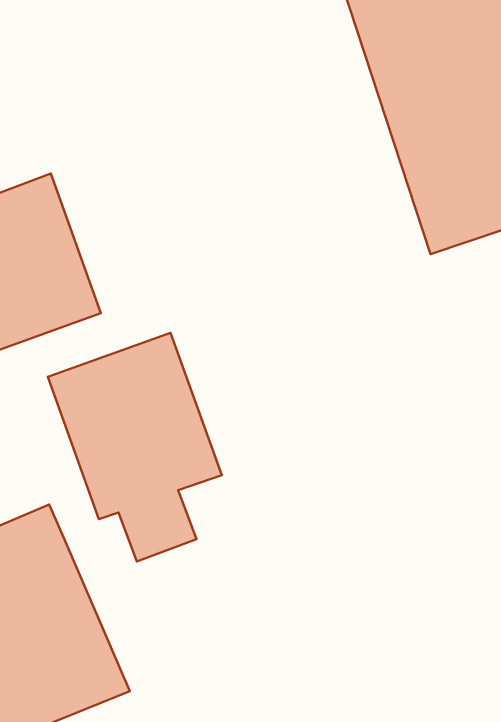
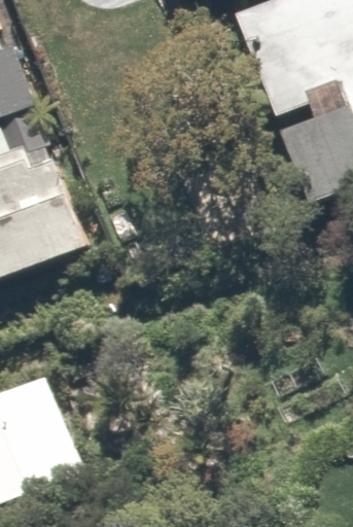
building: [48,333,222,561] -> none

